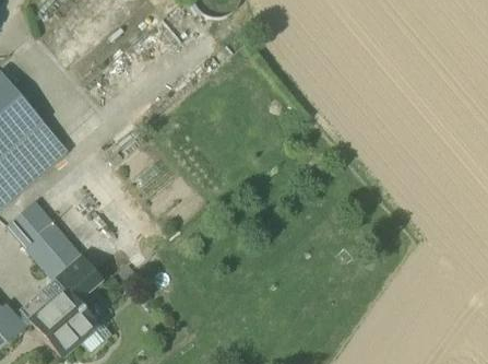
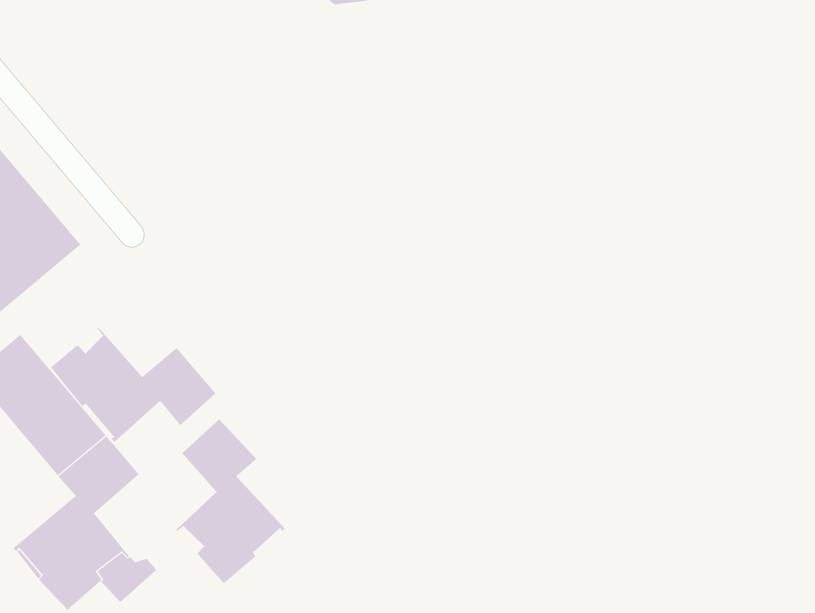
building: none -> [50,327,216,443]
building: none -> [176,419,286,584]

